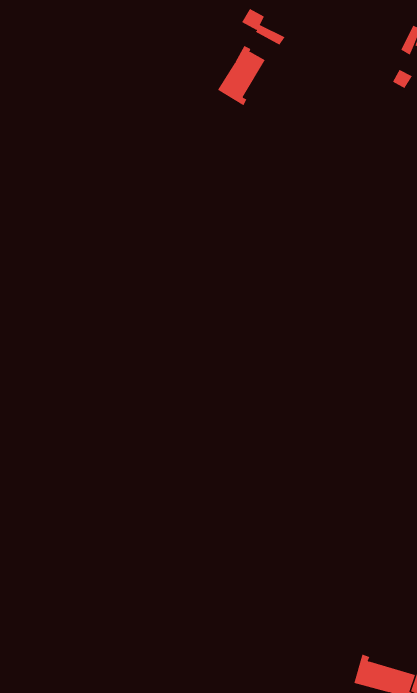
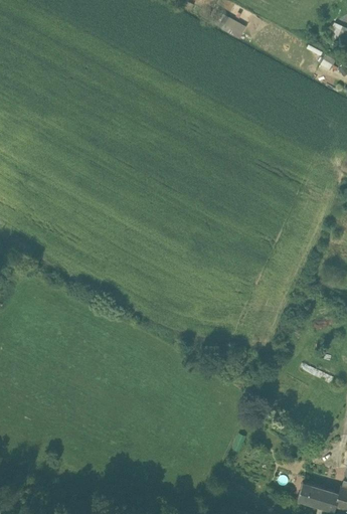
building: [217,45,265,106] -> none

